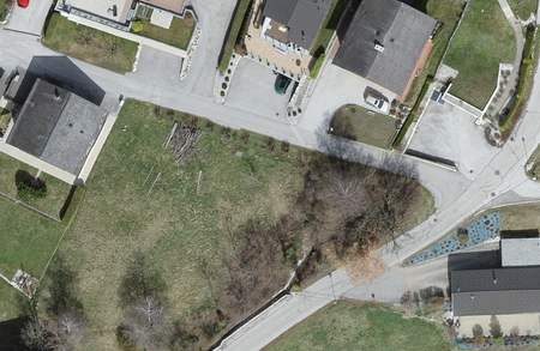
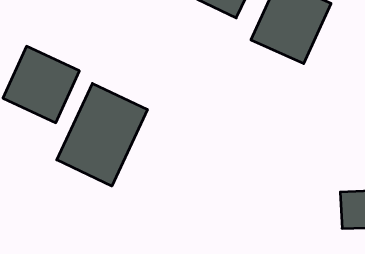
building: none -> [57,83,147,186]

